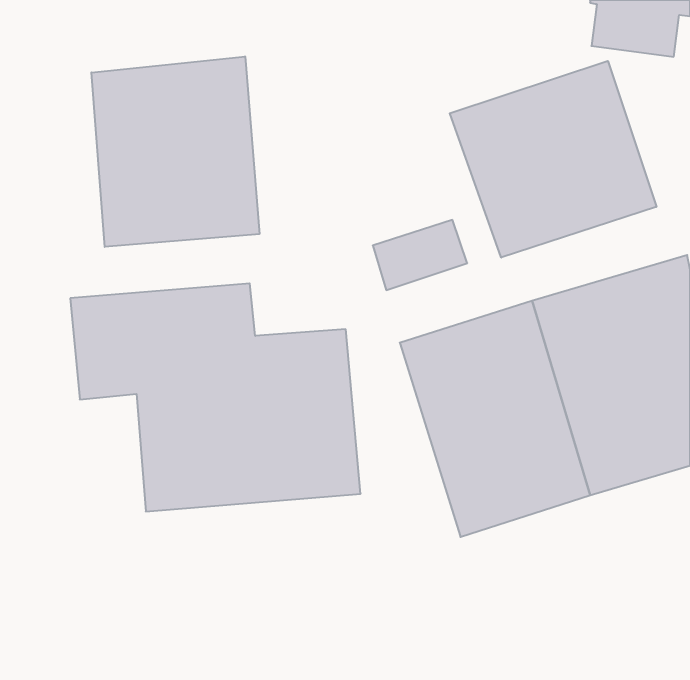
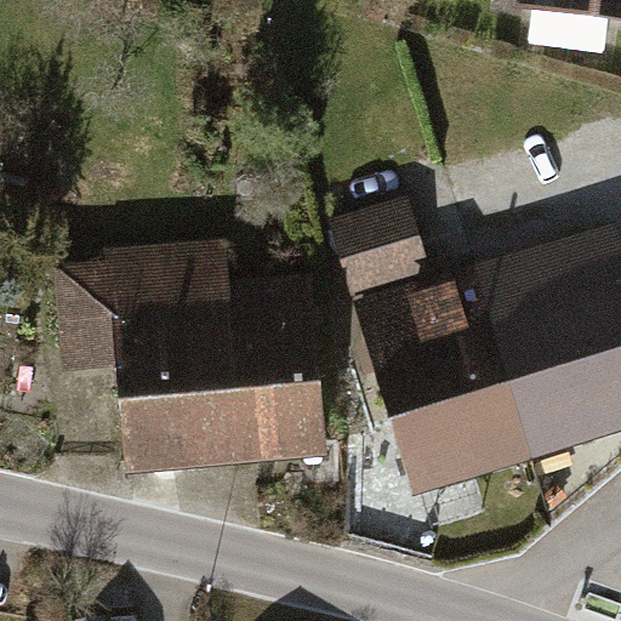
building: [91,56,259,247] -> none
building: [450,61,656,258] -> none

